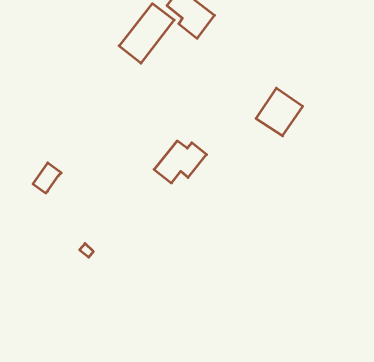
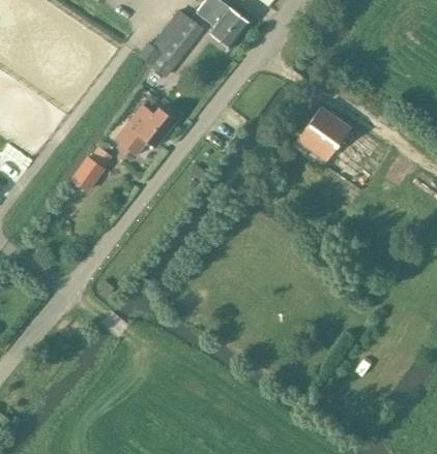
building: [154,141,207,183] -> [116,107,175,154]
building: [33,163,61,193] -> [71,157,104,191]

